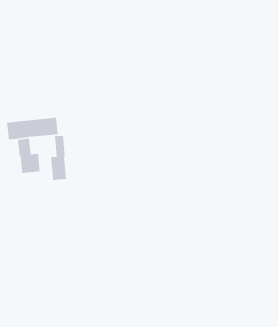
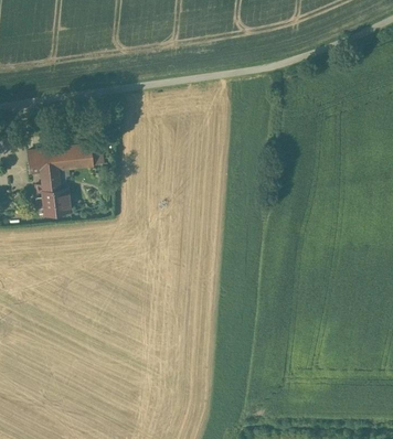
building: [50,135,67,181] -> none

